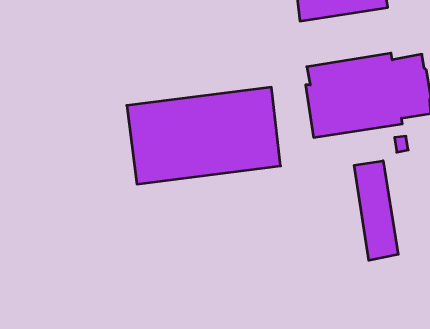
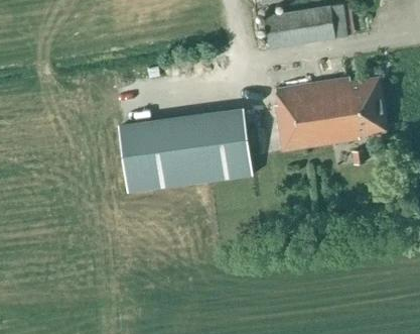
building: [354,161,398,260] -> none

